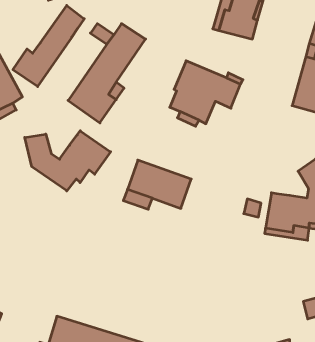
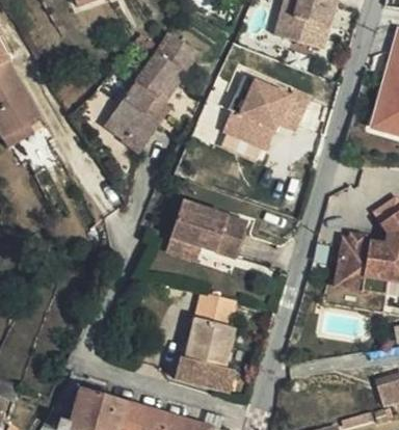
building: [13,5,84,87] -> none
building: [25,131,111,191] -> none
building: none -> [174,288,235,391]

